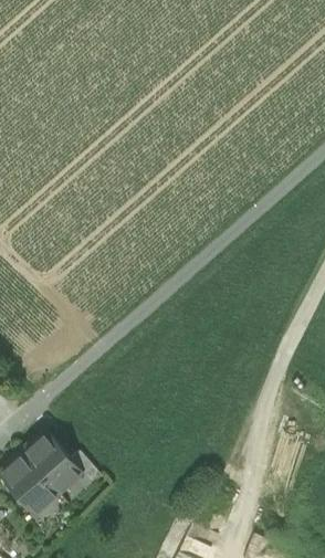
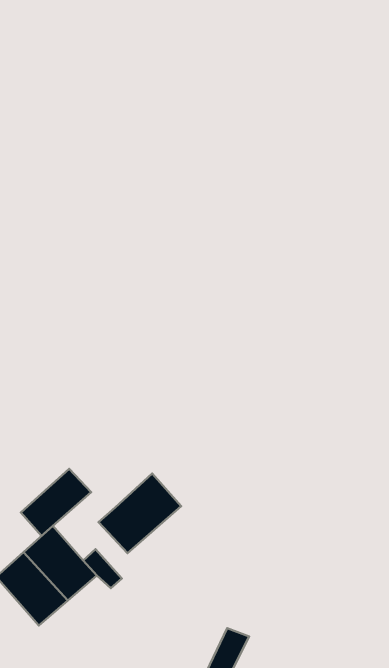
building: none -> [21,469,91,536]
building: none -> [98,474,181,553]

